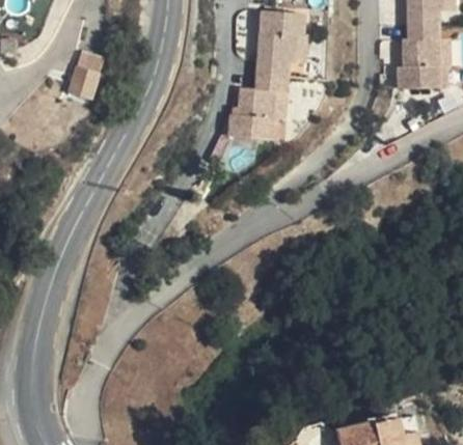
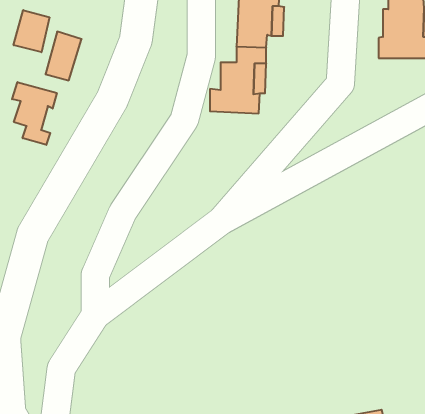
building: none -> [14,10,49,52]
building: none -> [12,82,57,145]

